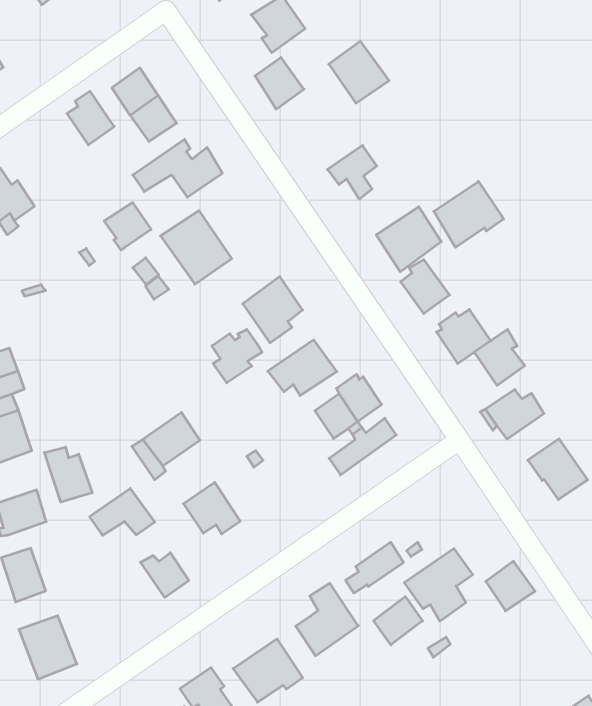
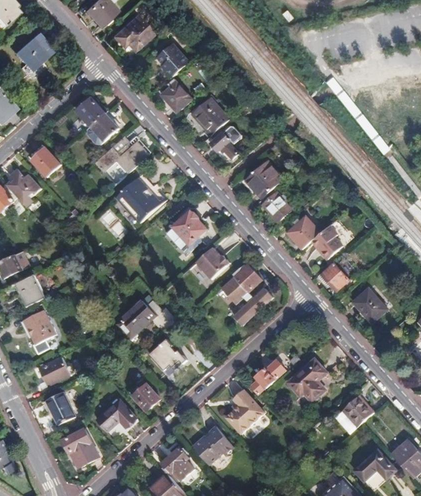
building: [329,41,389,103] -> [190,98,227,135]
building: [67,91,114,145] -> [30,145,59,177]
building: [434,181,504,247] -> none
building: [104,203,151,250] -> none
building: [212,329,262,383] -> none
building: [44,447,92,502] -> none
building: [90,488,155,535] -> [96,398,135,428]
building: [486,561,535,611] -> [343,396,373,426]
building: [374,597,423,645] -> none

